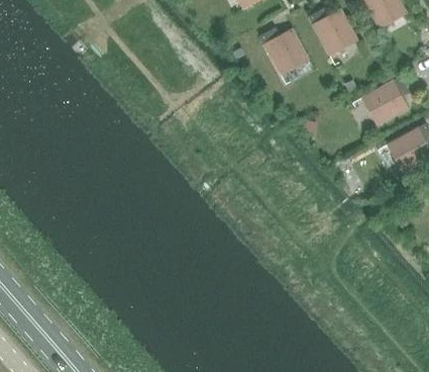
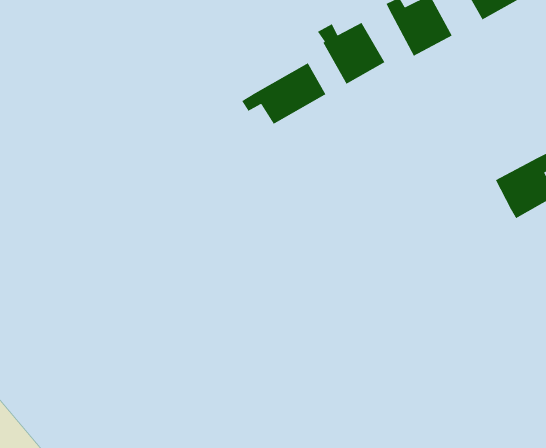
building: none -> [241,62,326,125]
building: [362,77,408,125] -> none

